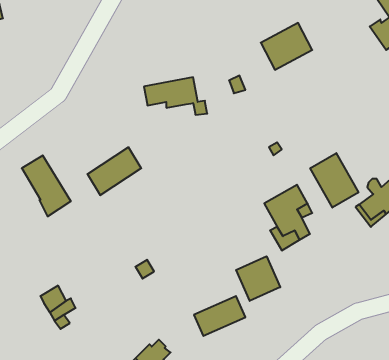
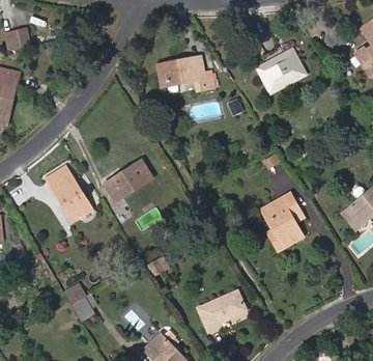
building: [144,77,207,115] -> [157,55,213,88]
building: [310,153,358,208] -> none
building: [236,256,280,301] -> none

